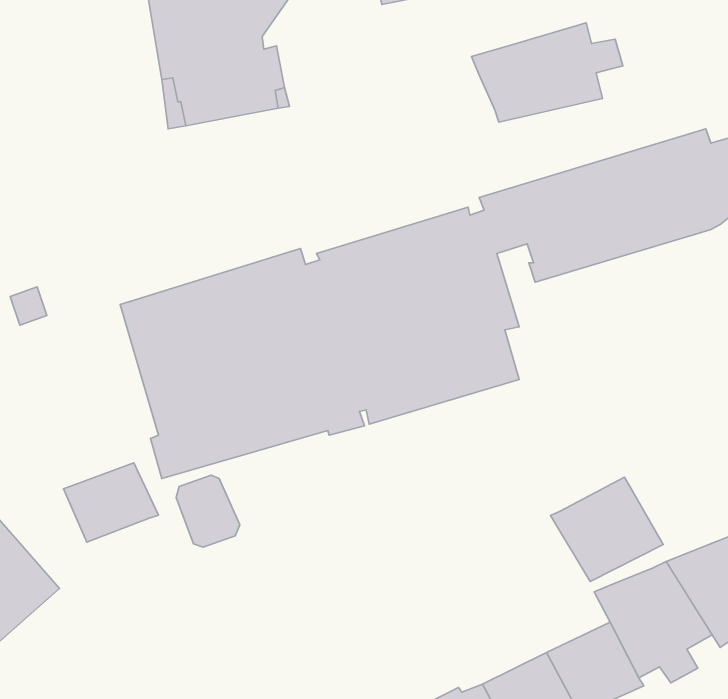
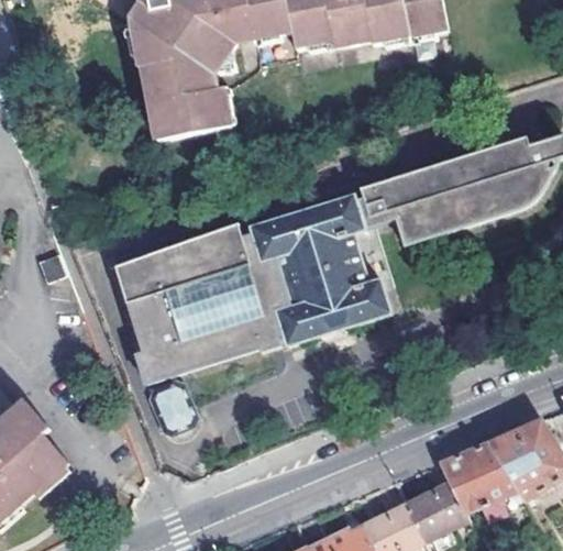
building: [472,23,623,122] -> none
building: [64,463,158,542] -> none
building: [550,477,663,582] -> none

